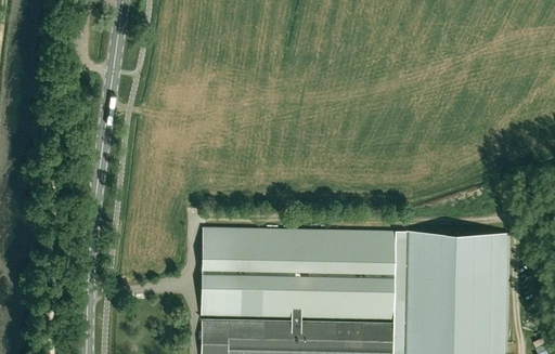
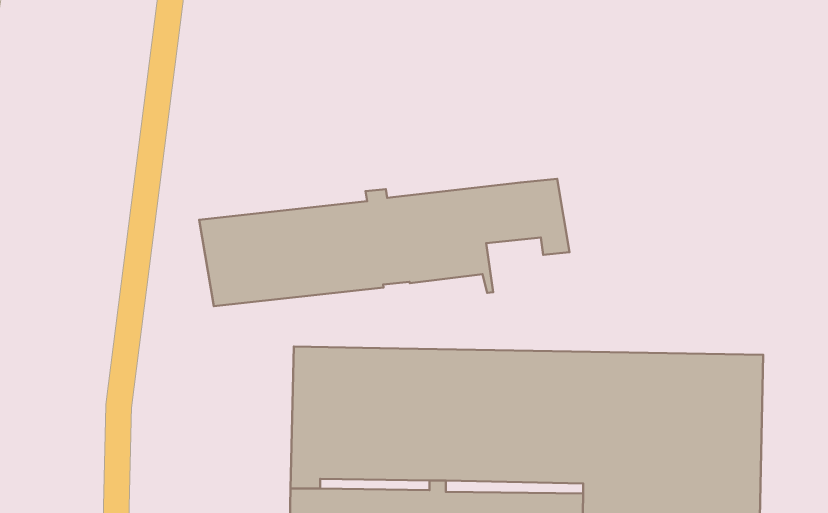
building: none -> [199,179,570,306]

